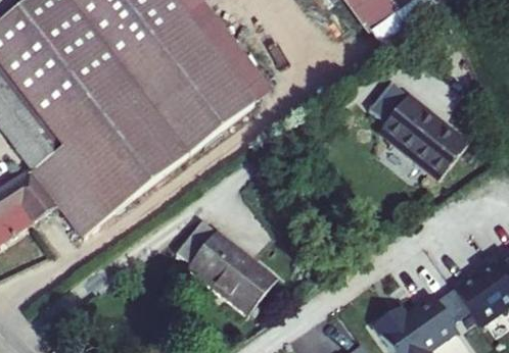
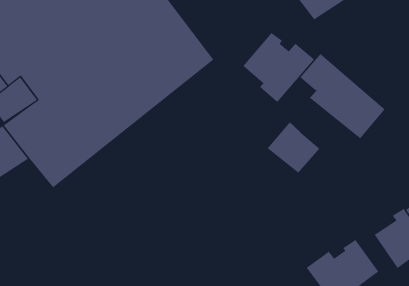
building: none -> [243,32,315,103]
building: none -> [267,122,320,173]
building: [190,211,281,311] -> none

